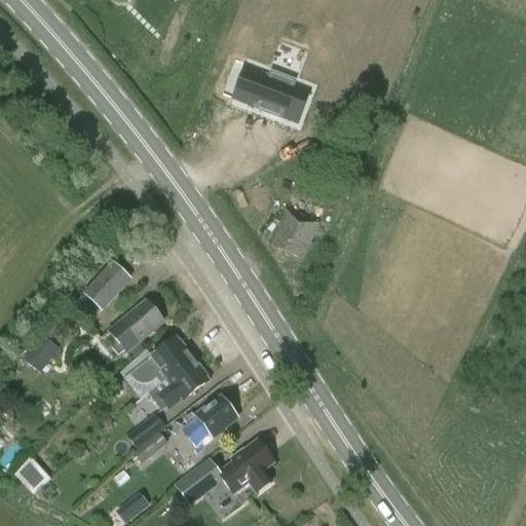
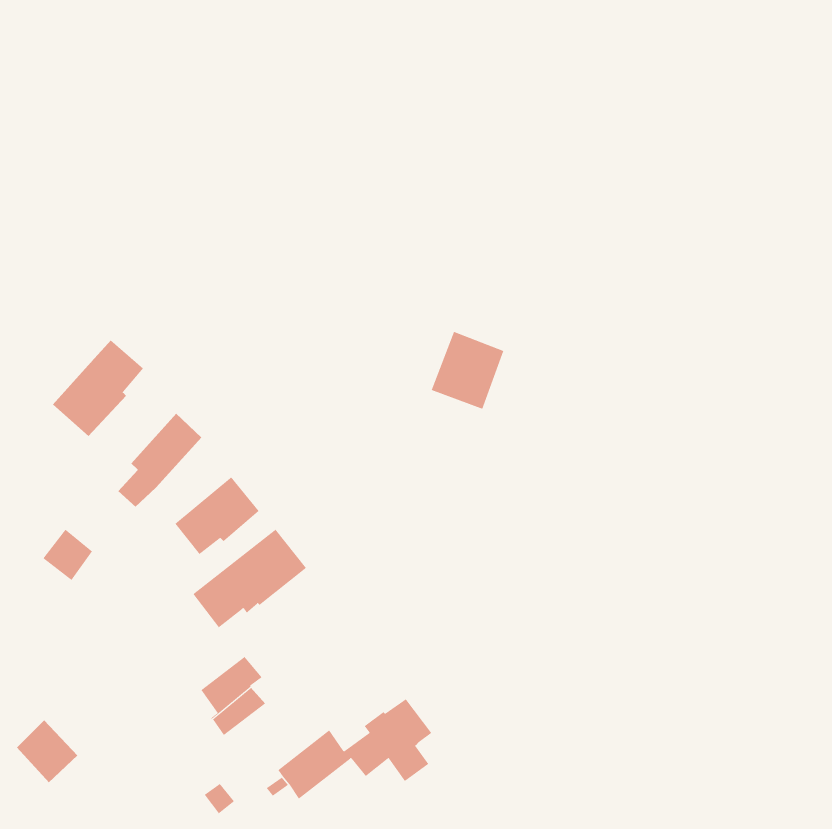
building: [235,60,312,119] -> none
building: none -> [52,340,144,437]
building: [155,358,209,408] -> none
building: [182,396,236,445] -> none

